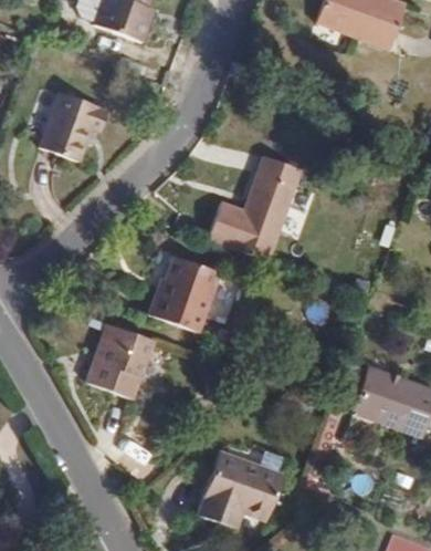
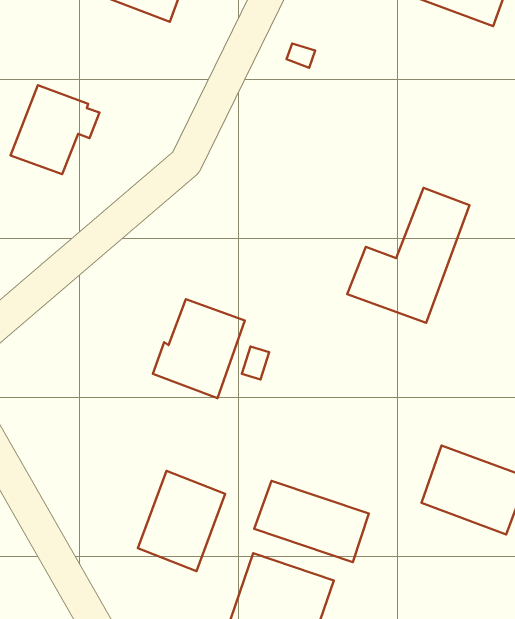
building: [201,157,295,261] -> [347,188,469,323]
building: [88,323,156,401] -> [138,471,225,571]
building: none -> [254,481,369,562]

